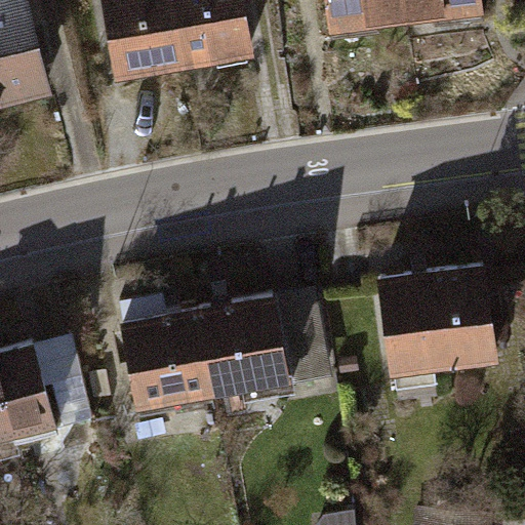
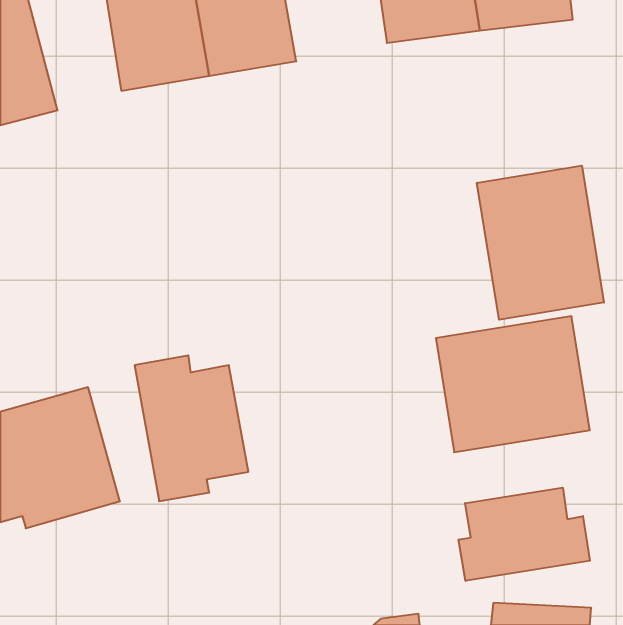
building: none -> [477,166,604,320]
building: [194,284,328,401] -> none
building: none -> [458,488,590,581]

